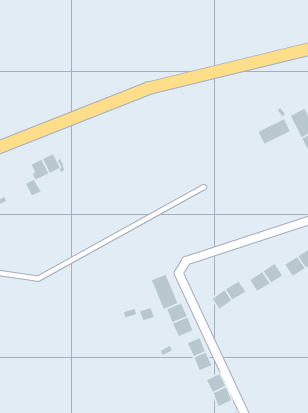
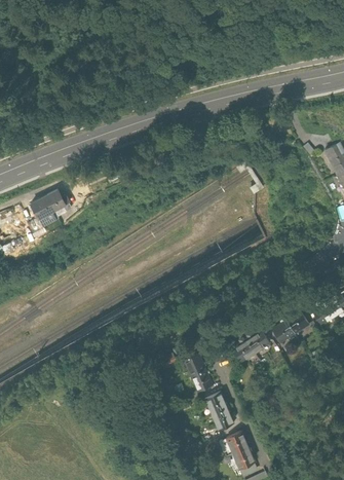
building: [258,118,291,145] -> none
building: [151,274,178,310] -> none

